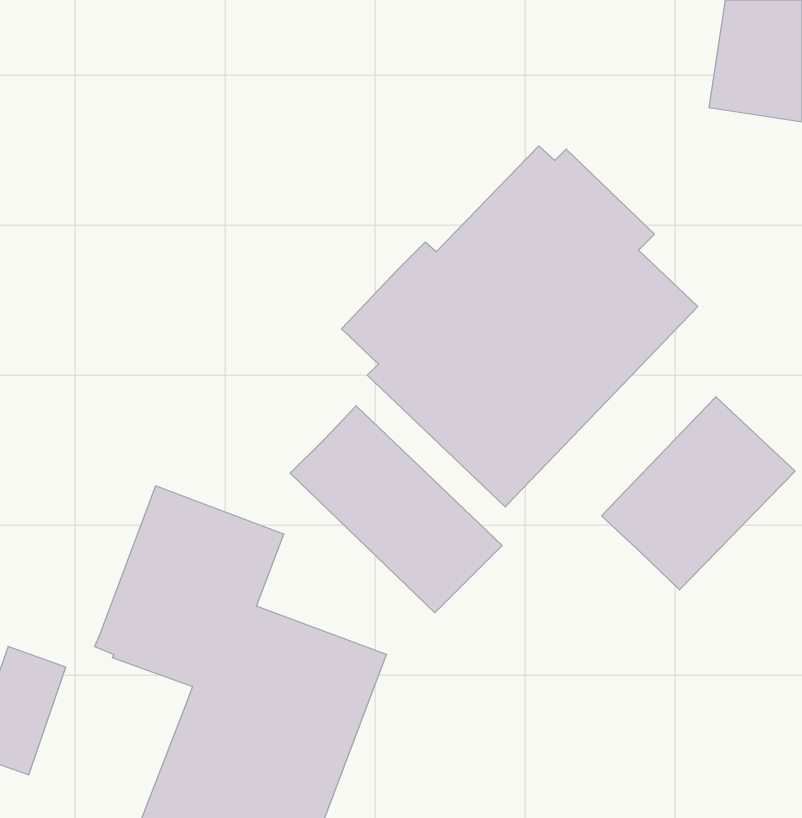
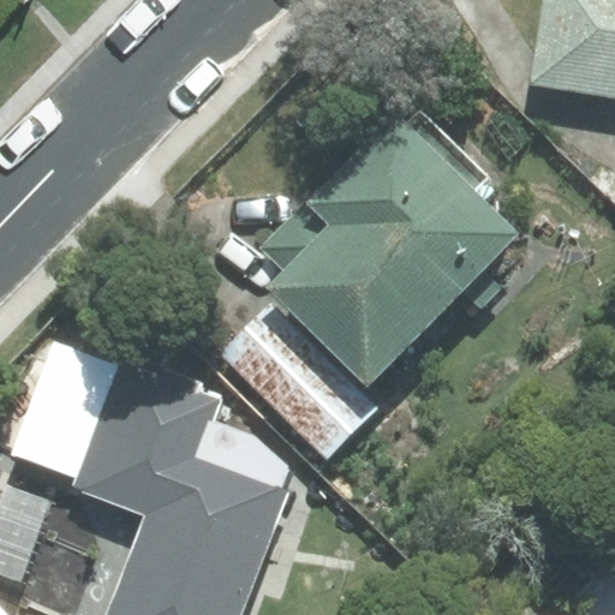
building: [602,397,795,590] -> none
building: none -> [10,341,117,477]

